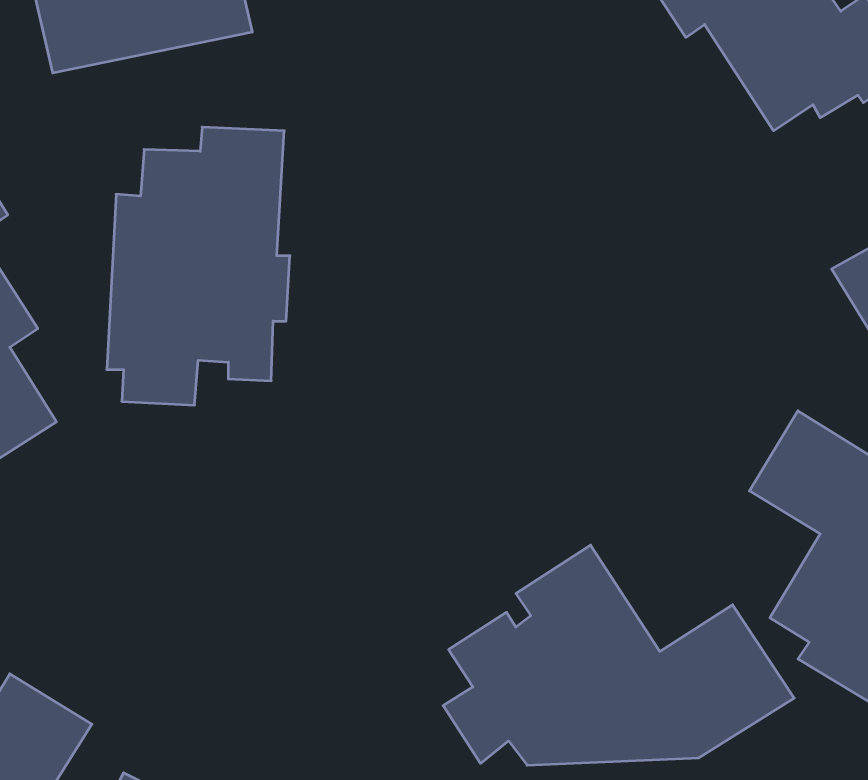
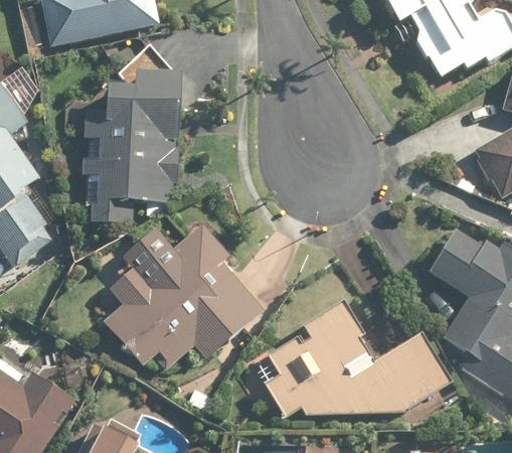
building: none -> [100,220,264,371]

